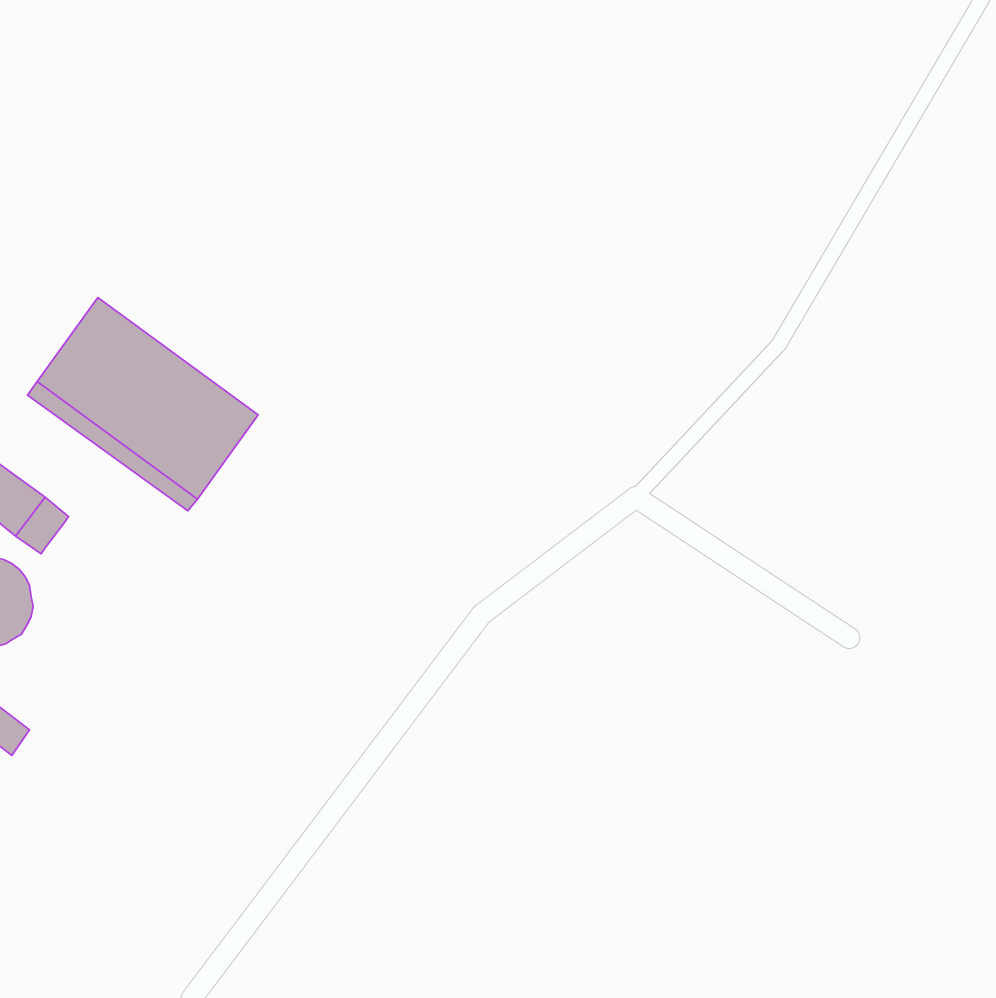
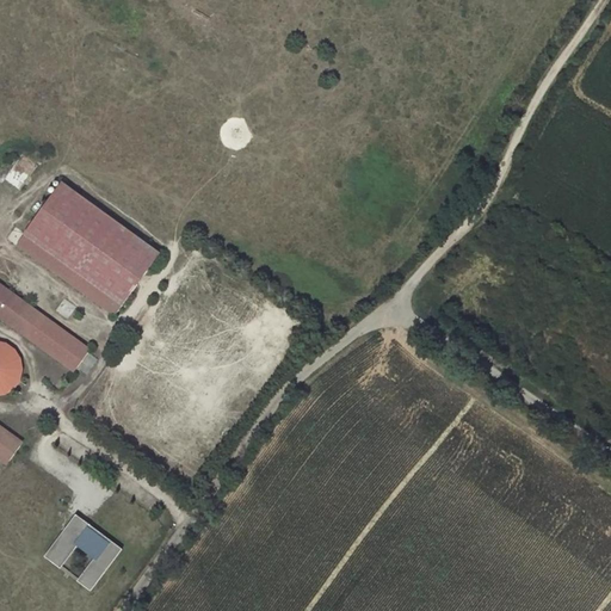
building: none -> [27,319,86,368]
building: none -> [42,512,119,590]

